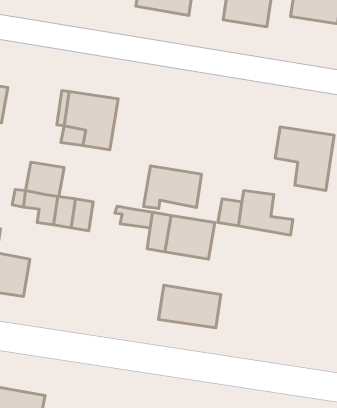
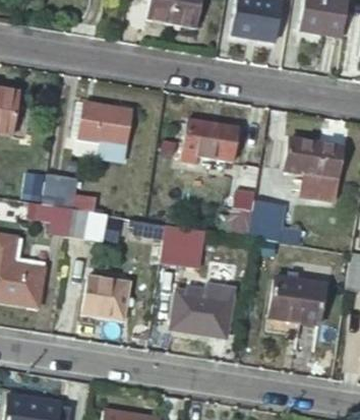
building: [143,166,202,209] -> [182,120,239,162]
building: none -> [271,277,326,323]
building: none -> [82,280,127,318]

